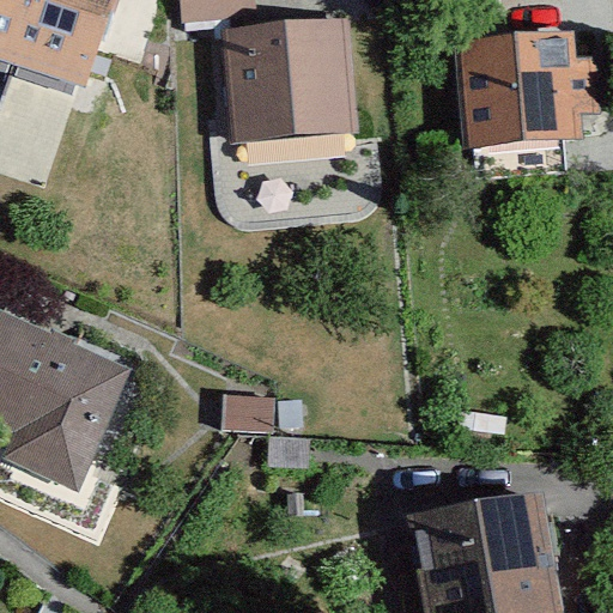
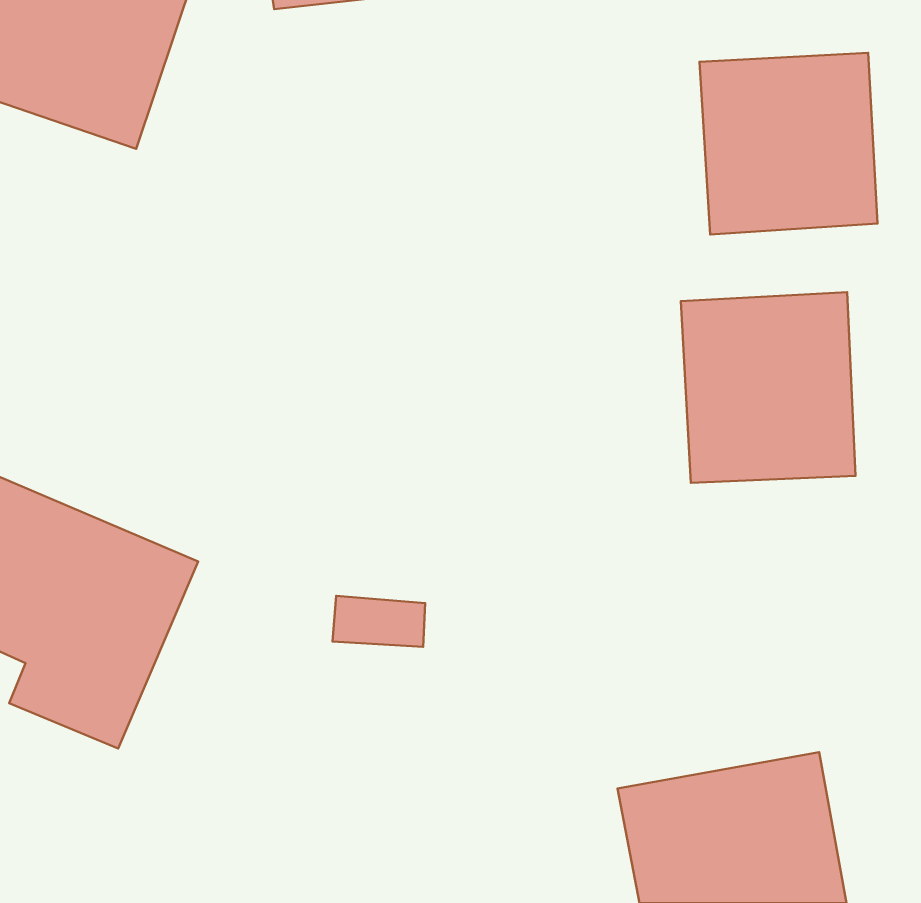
building: [219,5,354,127] -> none
building: none -> [681,292,856,483]

